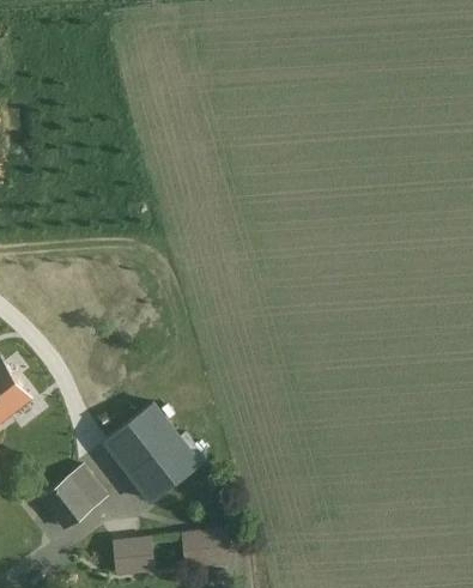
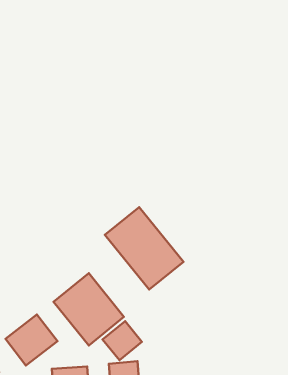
building: none -> [105,207,184,290]
building: none -> [102,321,142,360]

